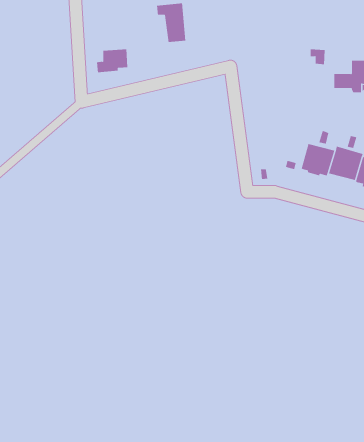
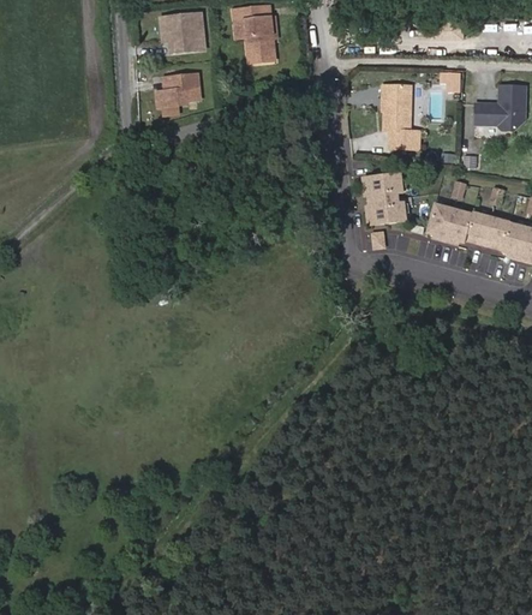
building: none -> [165,13,199,52]
building: none -> [381,91,417,151]
building: none -> [369,178,408,227]

